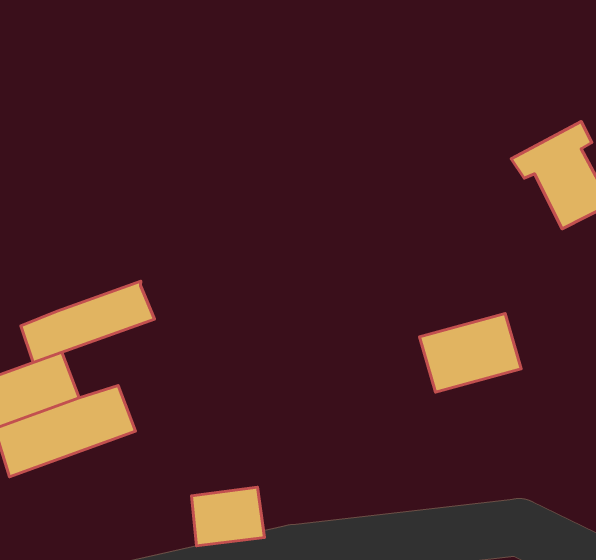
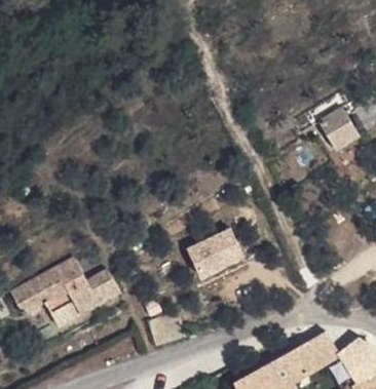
building: [21,281,154,363] -> none
building: [419,313,521,392] -> [192,230,248,276]

